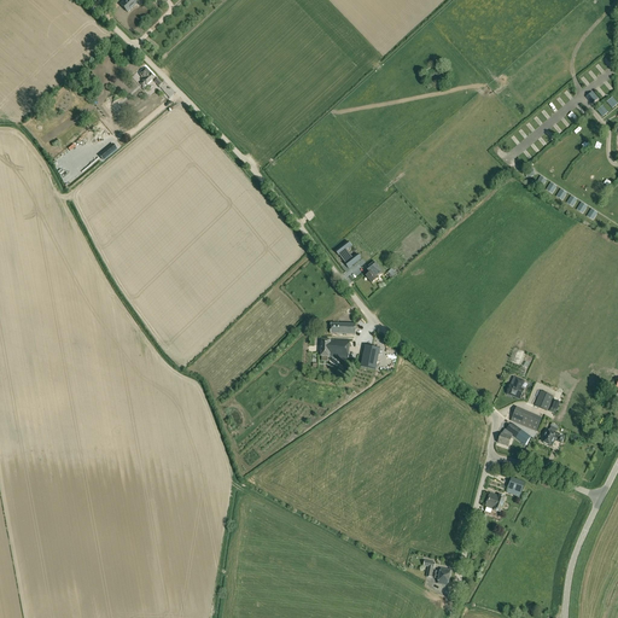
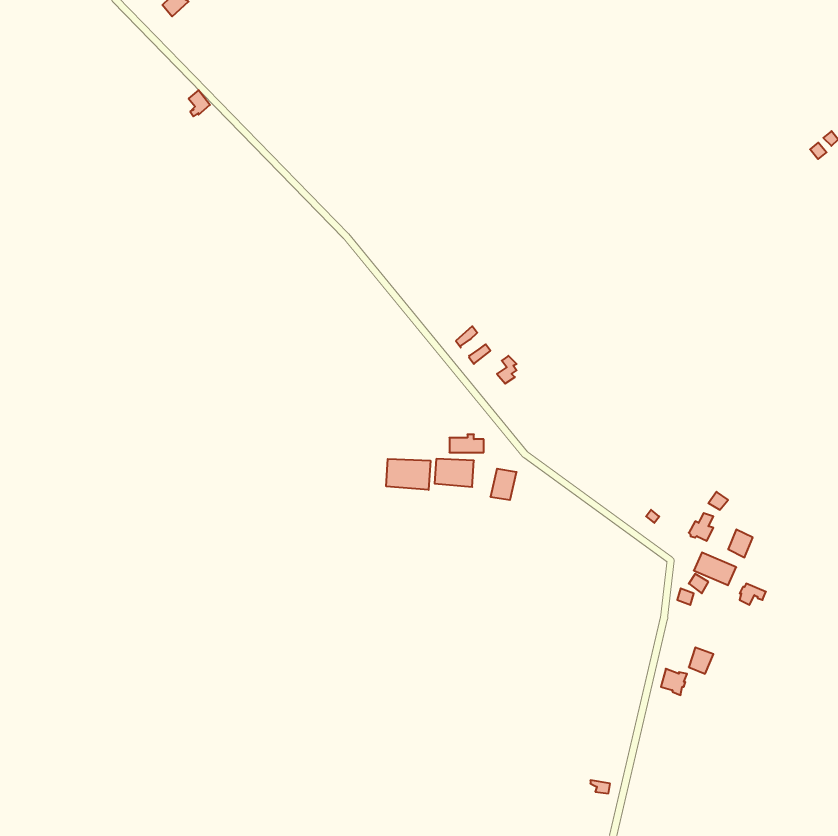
building: none -> [386,459,430,490]

